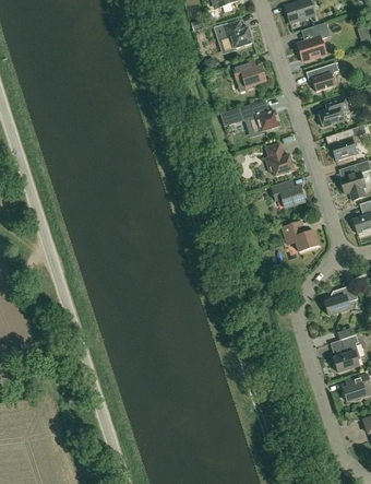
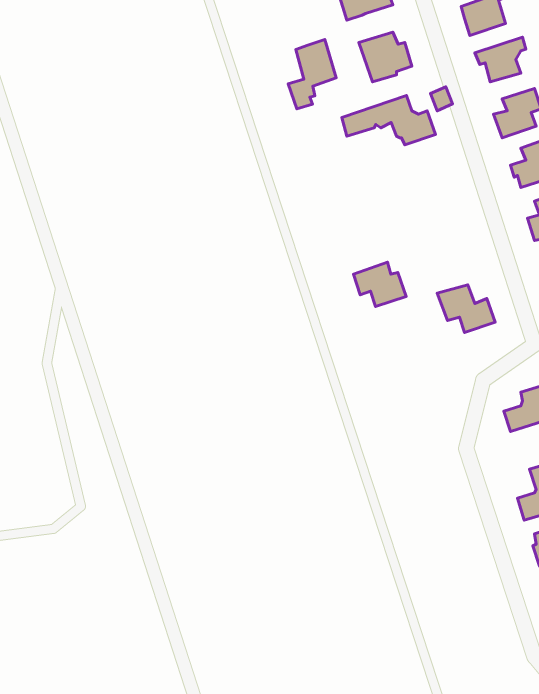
building: none -> [288,40,336,109]
building: [265,142,295,176] -> none
building: [271,179,304,208] -> [353,262,406,307]

